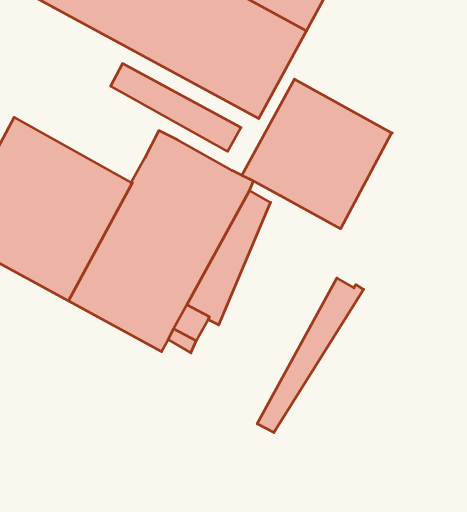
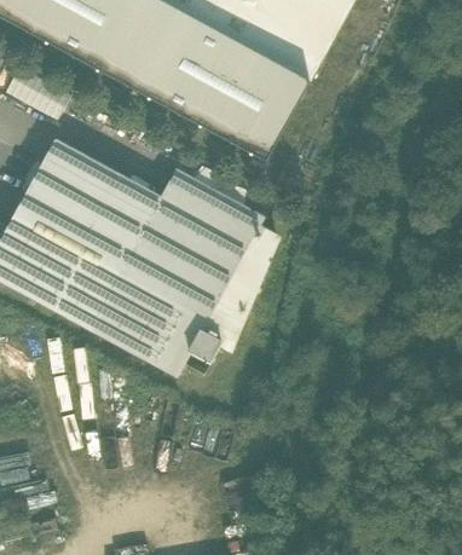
building: [111,64,241,151] -> [42,138,161,218]
building: [242,79,392,229] -> none
building: [257,278,364,433] -> none

